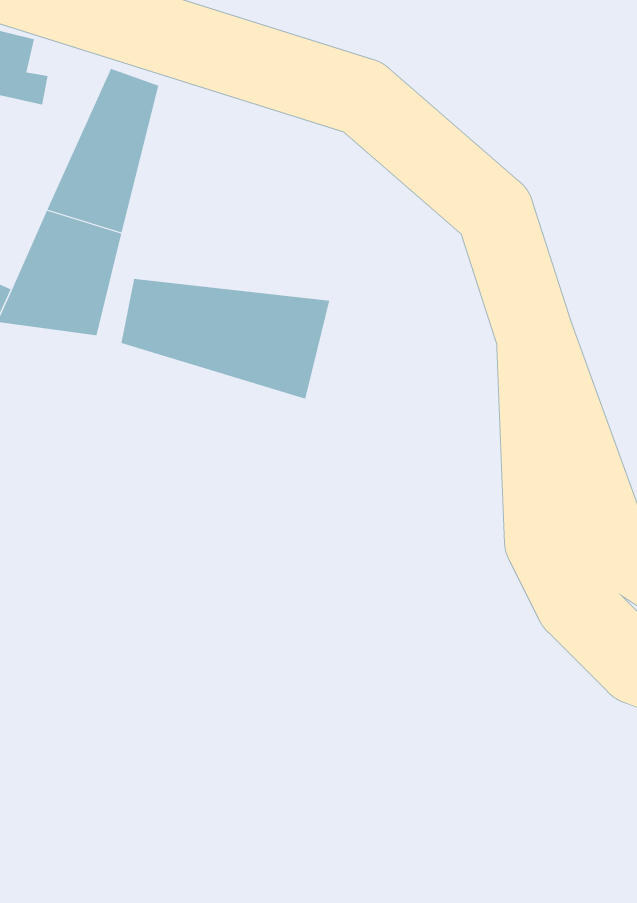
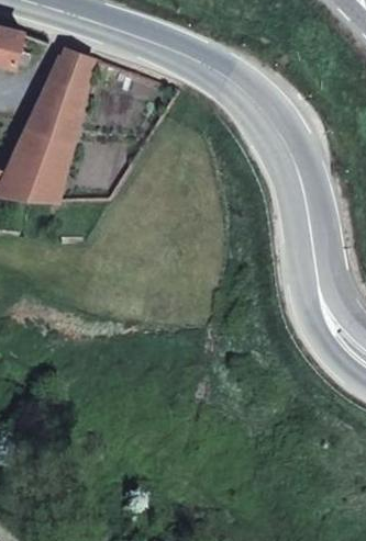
building: [121,278,330,400] -> none

